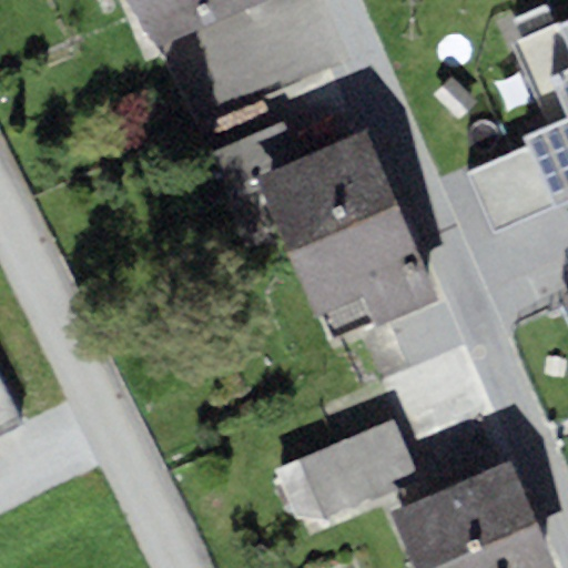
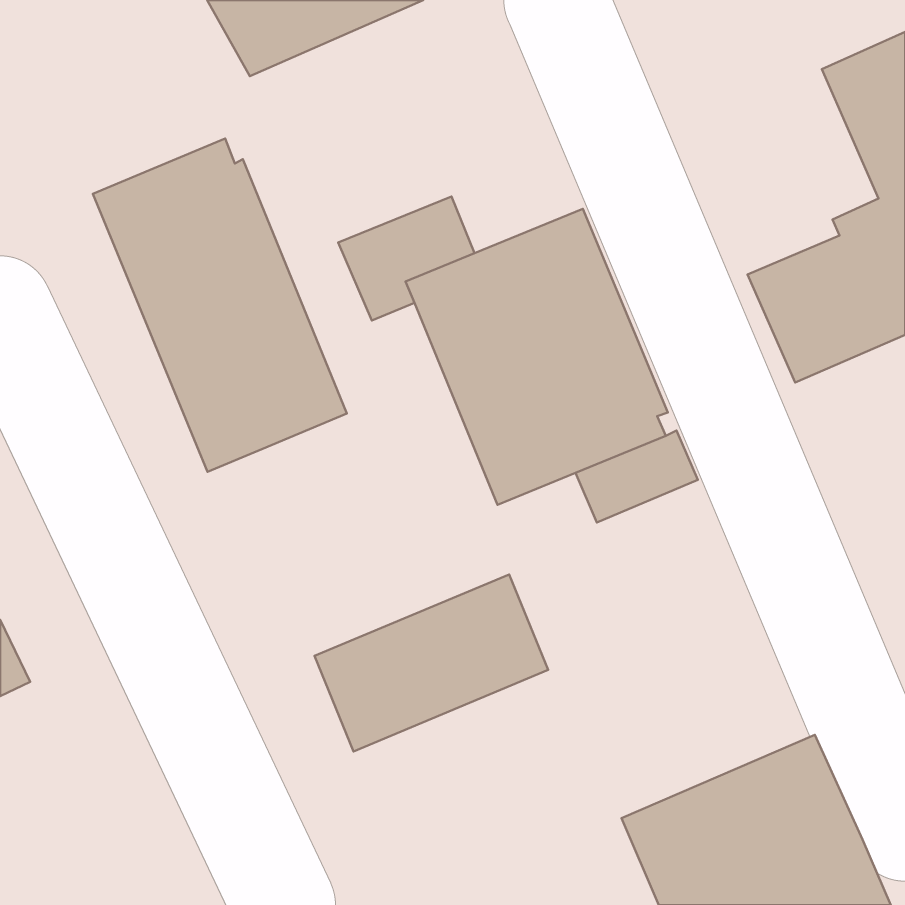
building: none -> [93,139,347,472]
building: [273,420,419,531] -> [314,574,548,751]

